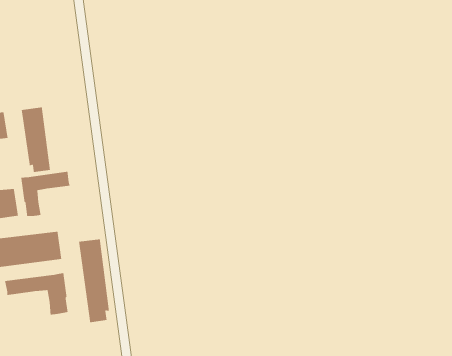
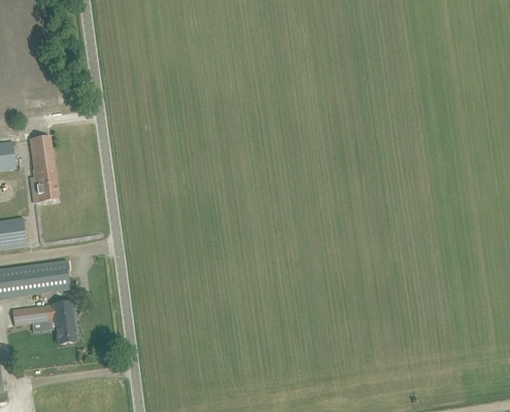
building: [20,171,70,217] -> none
building: [78,239,110,323] -> none

